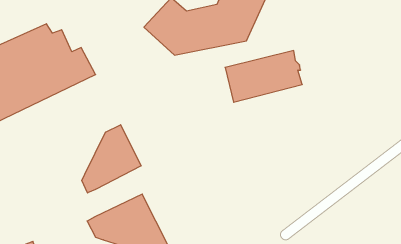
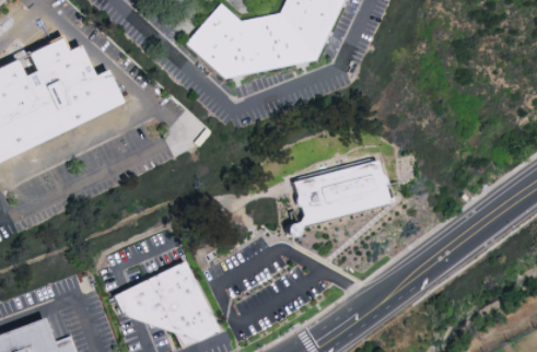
building: [225,51,302,102] -> [293,160,393,226]
building: [82,125,141,193] -> none

